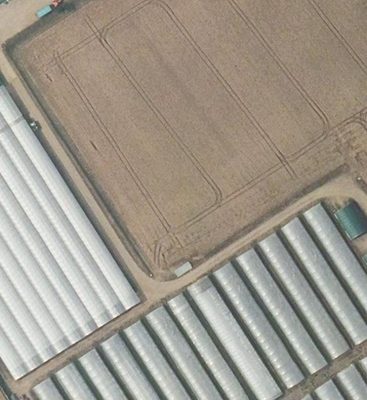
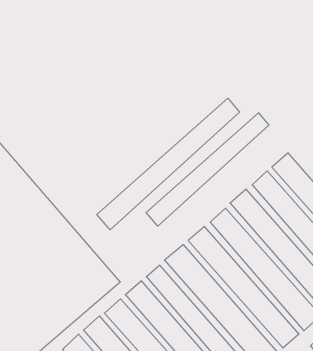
building: none -> [97,98,239,230]
building: none -> [146,113,269,226]

